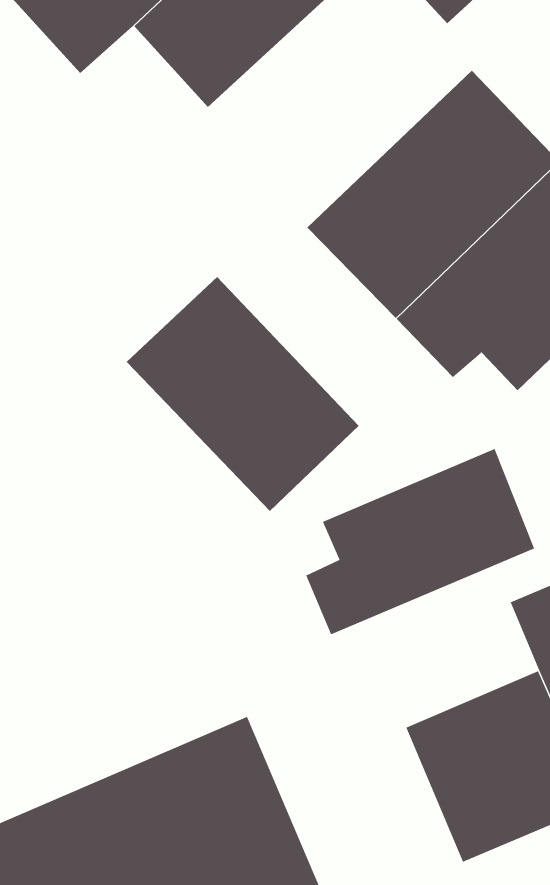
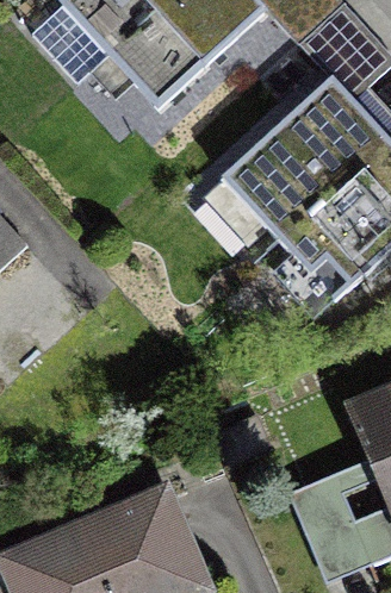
building: [126,276,360,512] -> none
building: [306,448,535,635] -> none

